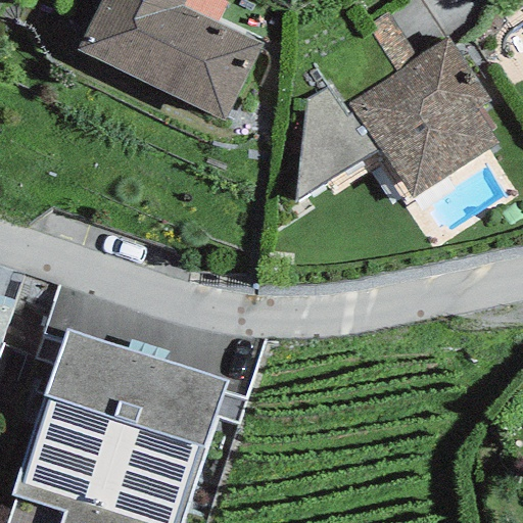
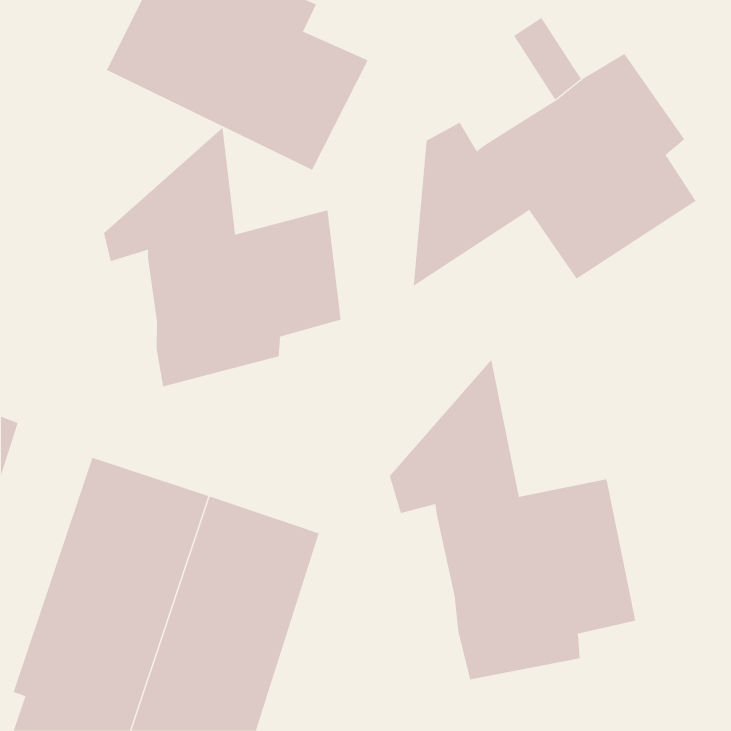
building: none -> [104,127,341,387]
building: none -> [389,359,636,680]

